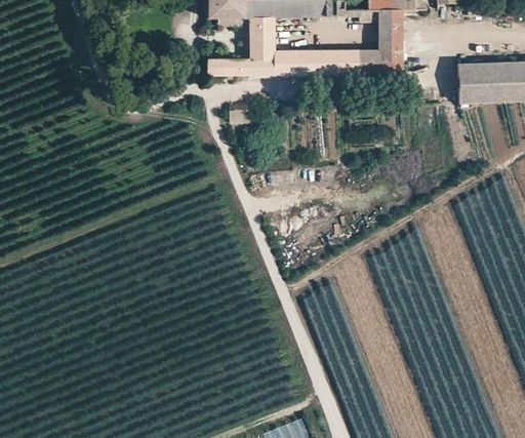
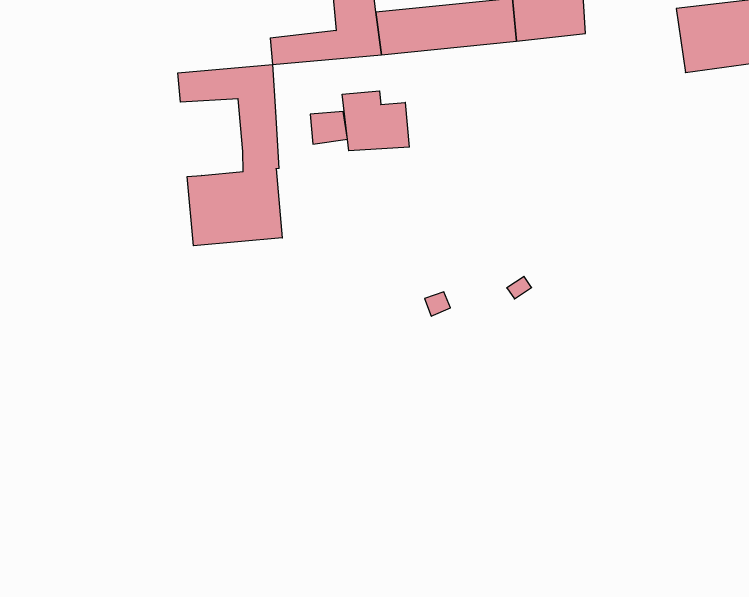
building: none -> [178,64,282,246]
building: none -> [342,91,409,151]

